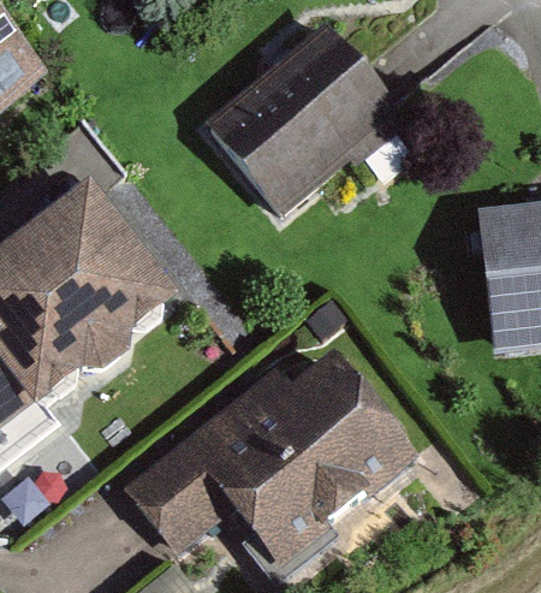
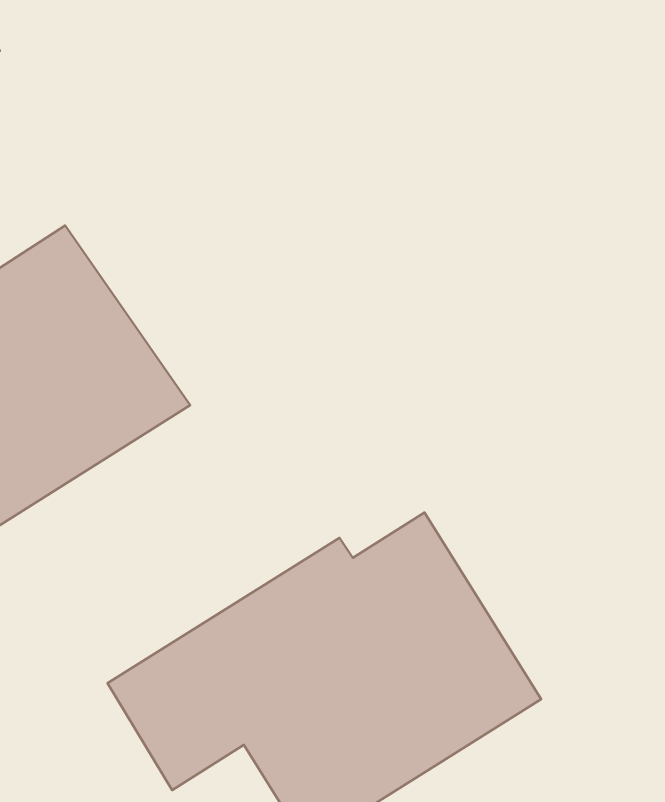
building: [210,28,400,212] -> none

